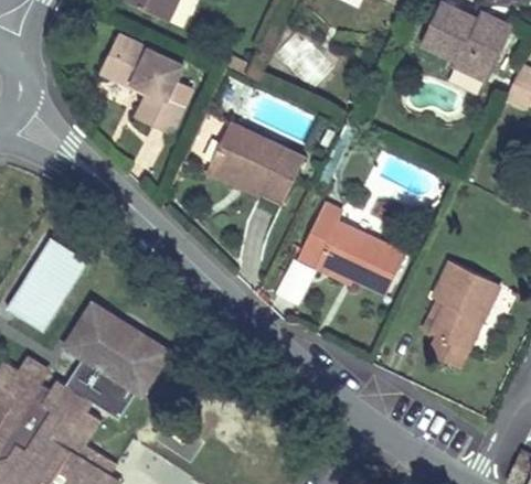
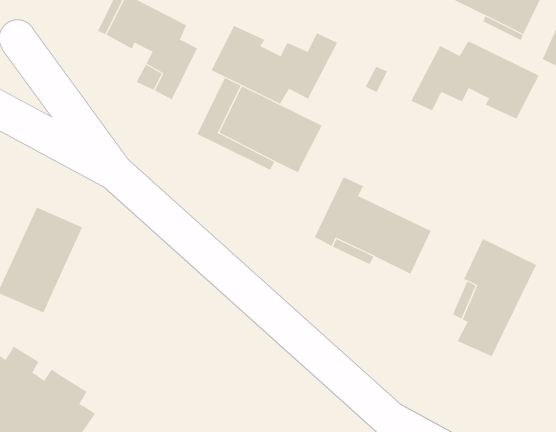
building: none -> [211,25,338,105]
building: none -> [411,40,539,120]
building: [67,304,169,420] -> none

